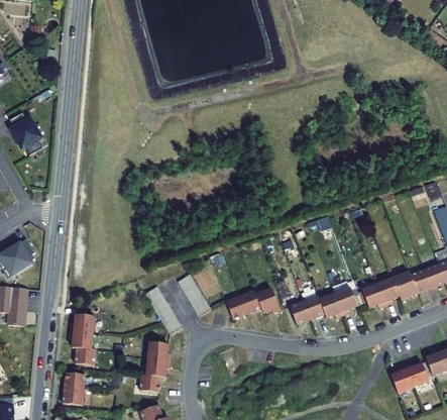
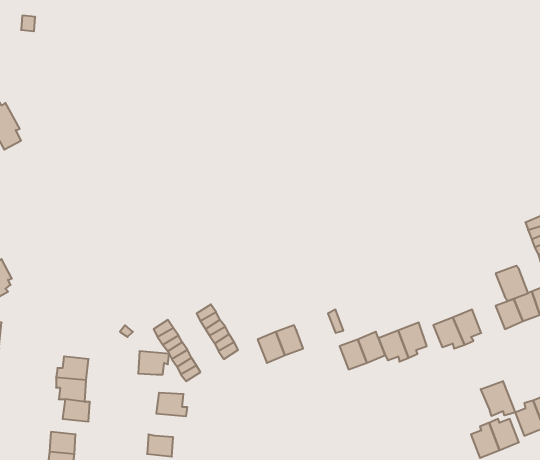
building: [392,272,417,299] -> [496,266,528,301]
building: [255,288,280,312] -> none
building: none -> [481,381,515,416]
building: [145,358,170,377] -> [138,351,169,375]

